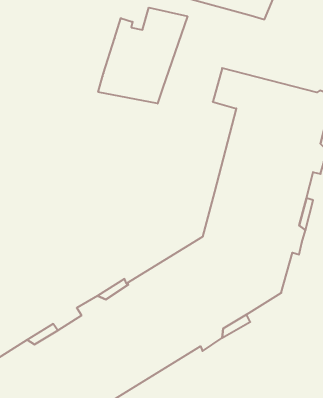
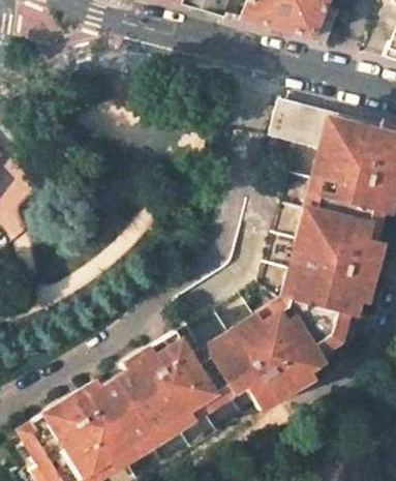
building: [98,8,187,104] -> none

